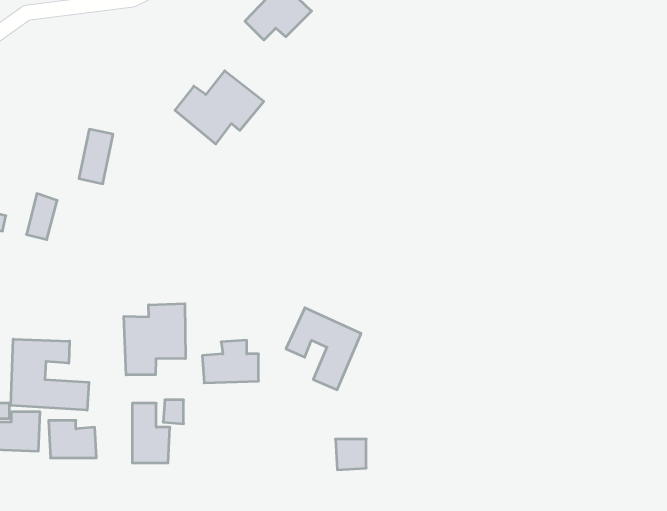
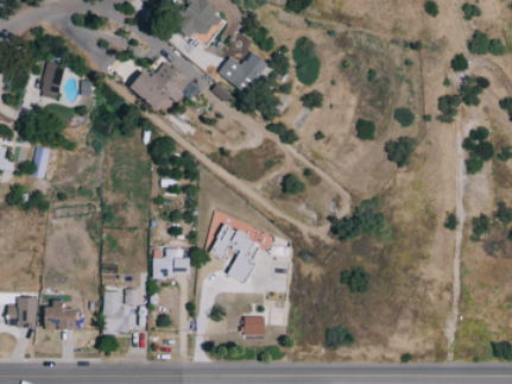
building: none -> [220,52,267,92]
building: [79,129,113,184] -> [40,61,64,99]
building: [124,304,185,375] -> none
building: [11,339,89,410] -> none

